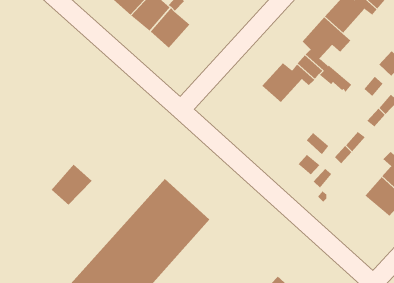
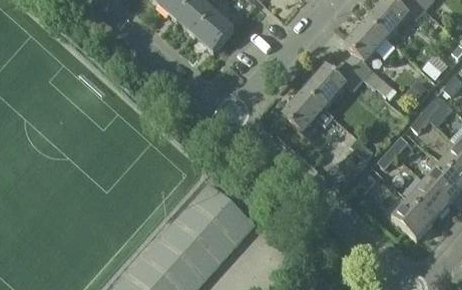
building: none -> [284,89,334,136]
building: [51,164,92,206] -> none
building: none -> [392,199,433,239]

